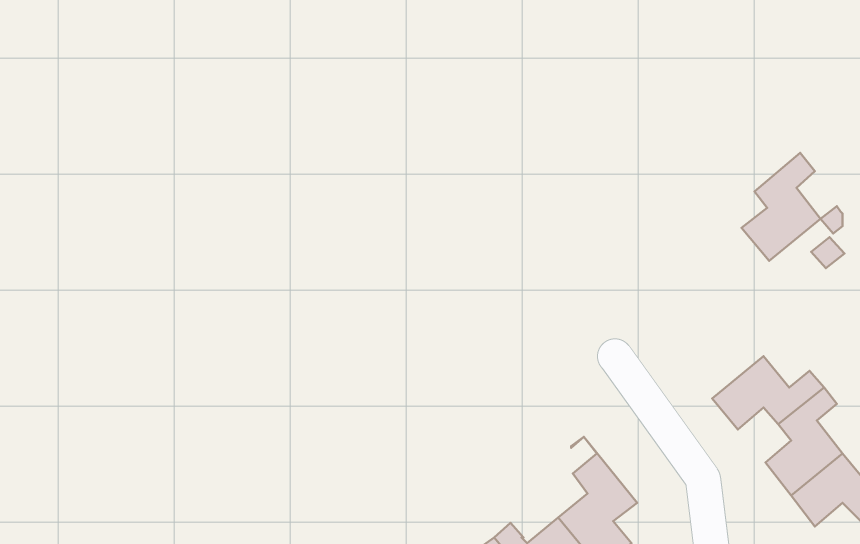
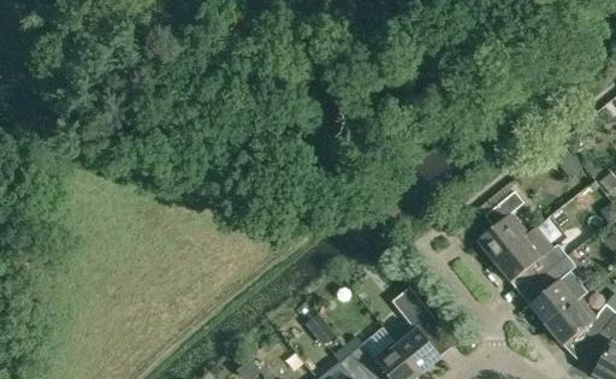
building: [742,153,820,261] -> [476,191,528,262]

